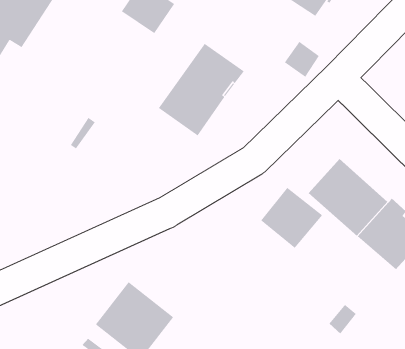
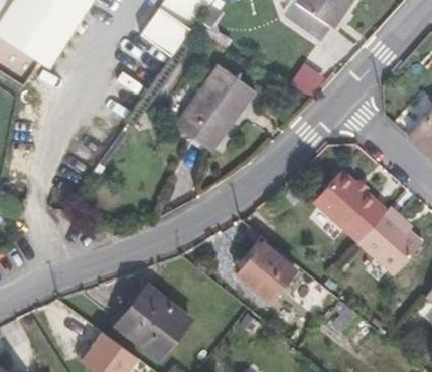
building: [260,187,323,249] -> [237,243,295,301]

